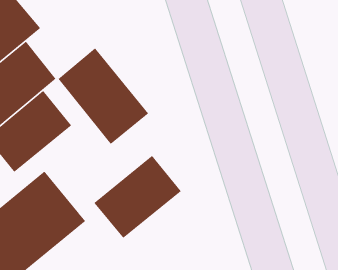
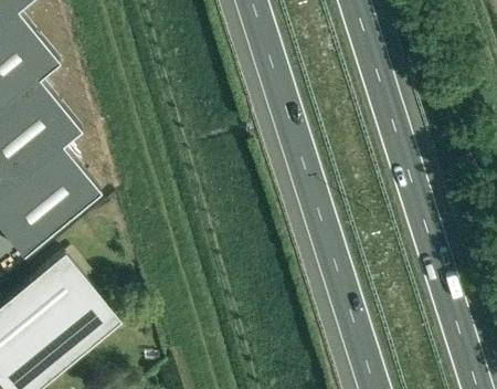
building: [57,32,149,150] -> none
building: [80,155,187,239] -> none

